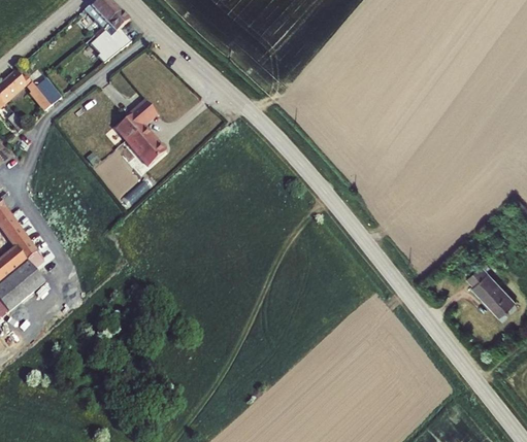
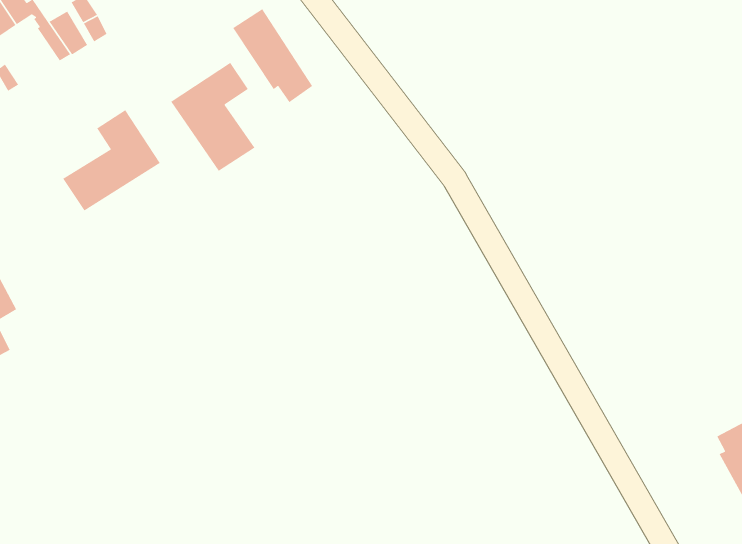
building: none -> [232,8,313,103]
building: none -> [62,109,161,211]

